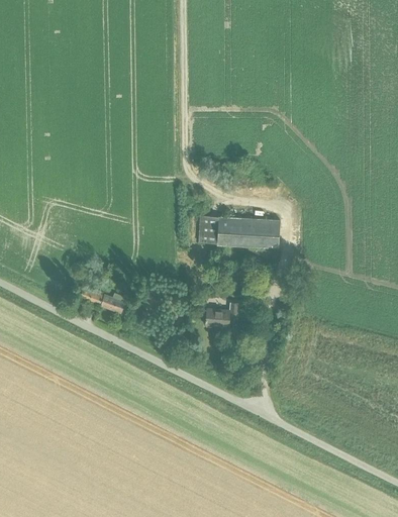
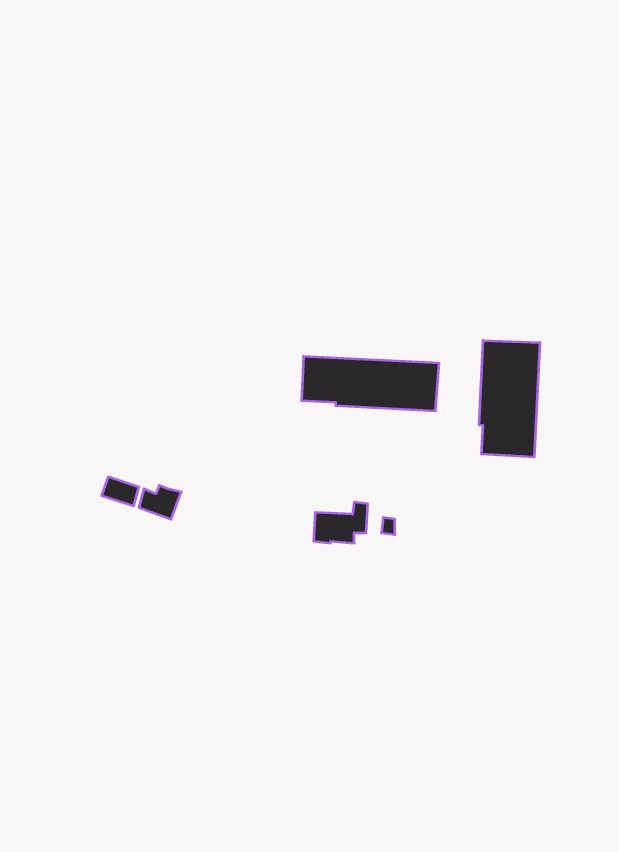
building: none -> [479,340,540,457]

